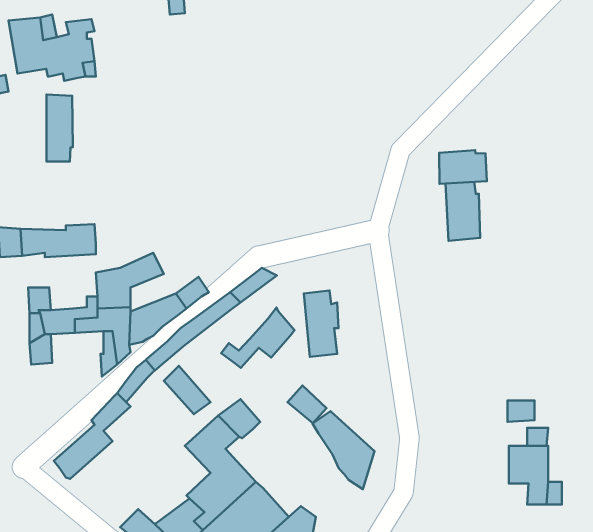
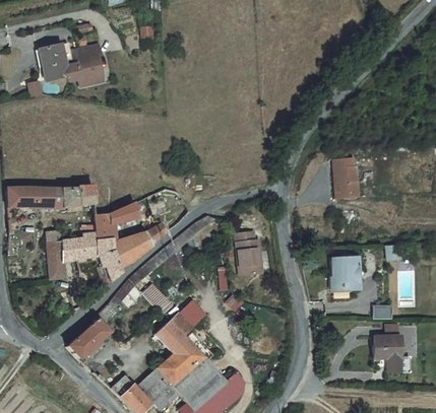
building: [47,94,73,162] -> none
building: [439,150,487,184] -> none
building: [221,307,295,368] -> none
building: none -> [331,255,364,286]
building: [312,411,375,489] -> none

